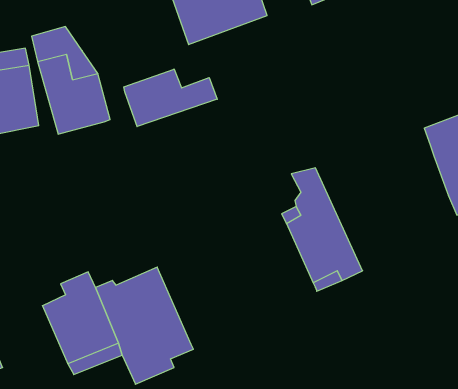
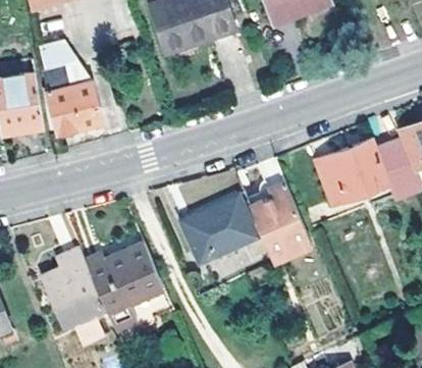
building: [124,69,217,127] -> none
building: none -> [317,141,387,204]
building: none -> [183,198,256,262]

